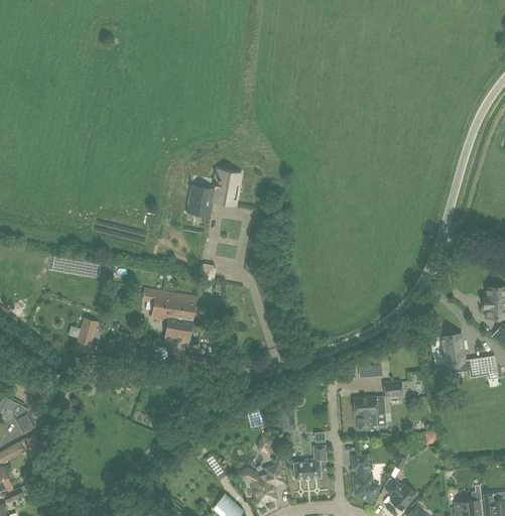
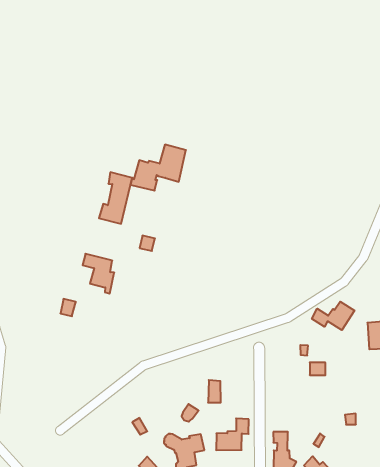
building: [163,292,195,345] -> [99,172,132,224]
building: none -> [312,302,354,330]
building: [75,318,103,352] -> none
building: [353,396,384,429] -> none

